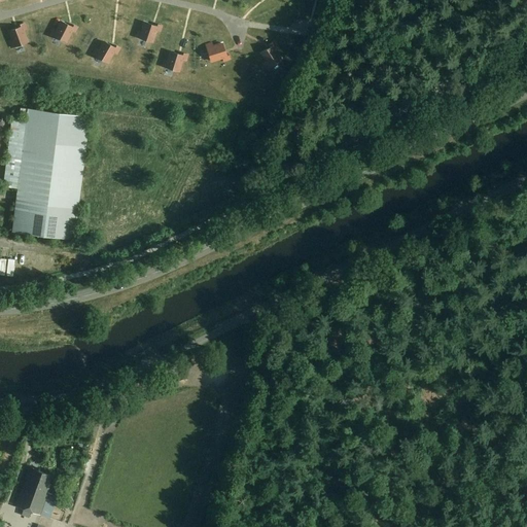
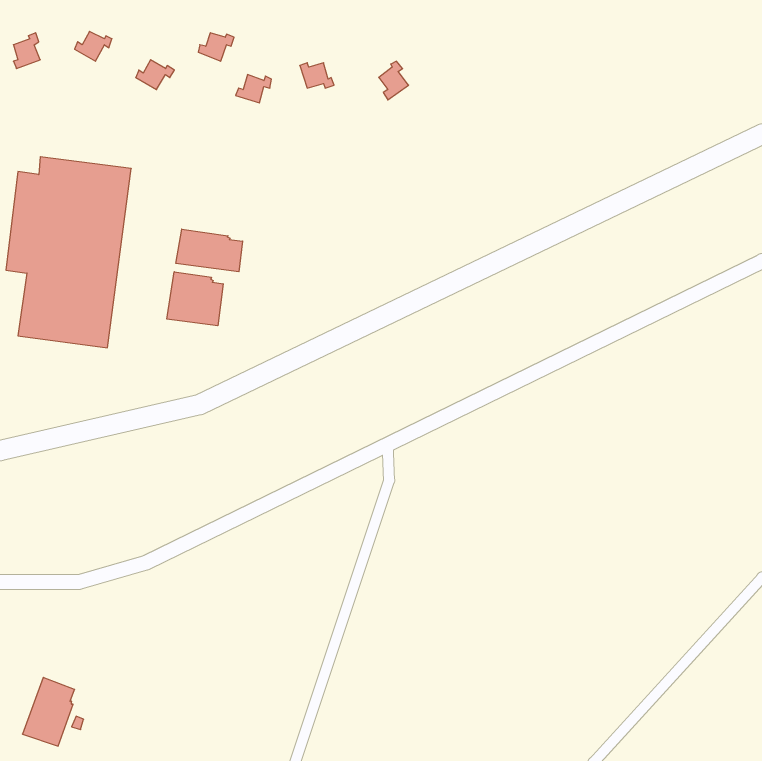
building: none -> [176,229,243,272]
building: none -> [167,272,223,326]

